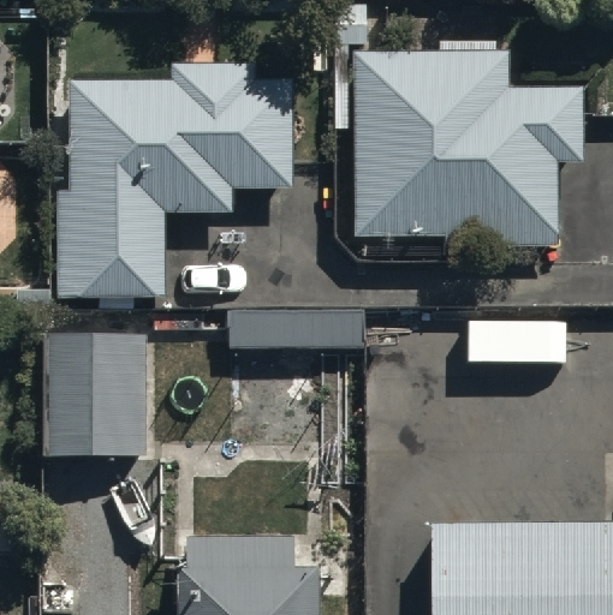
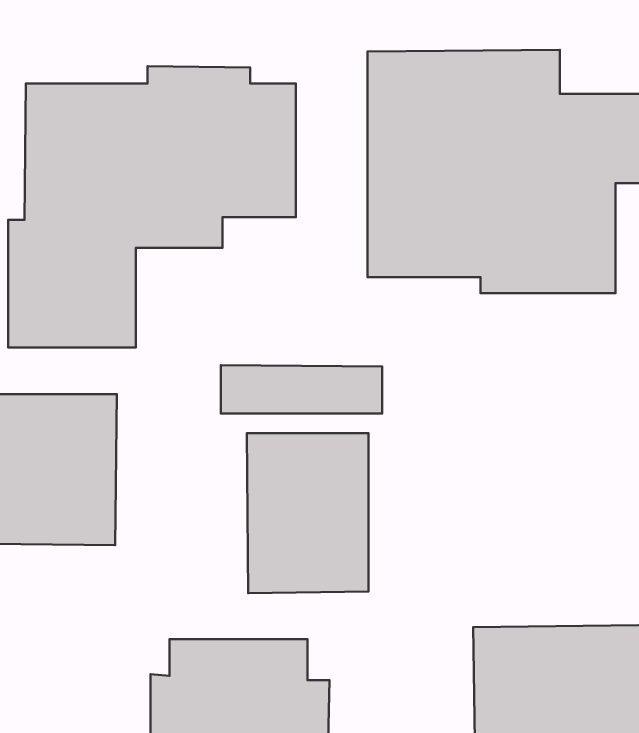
building: none -> [247,433,368,593]

